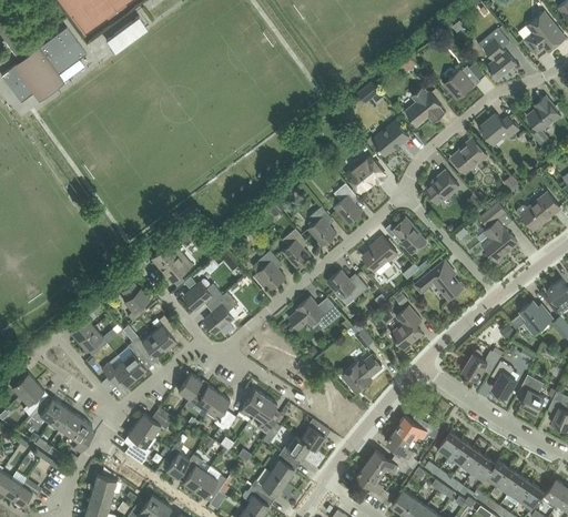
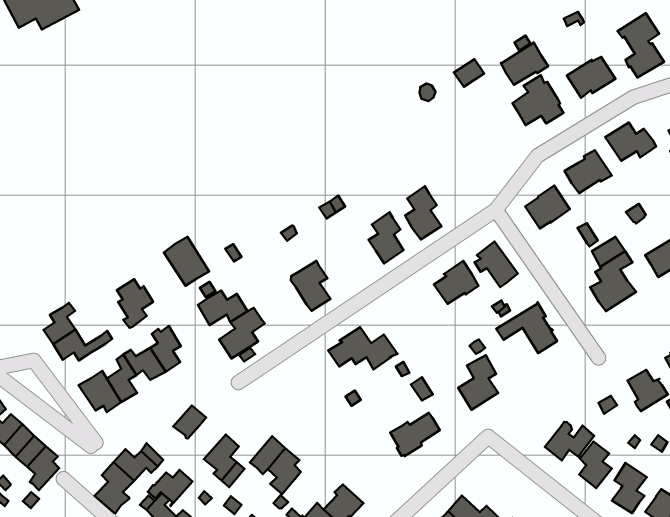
building: [373,121,409,155] -> [501,42,548,85]
building: [347,156,386,192] -> none
building: [282,229,311,268] -> none
building: [327,271,368,306] -> none
building: [185,385,219,414] -> [148,470,193,506]

